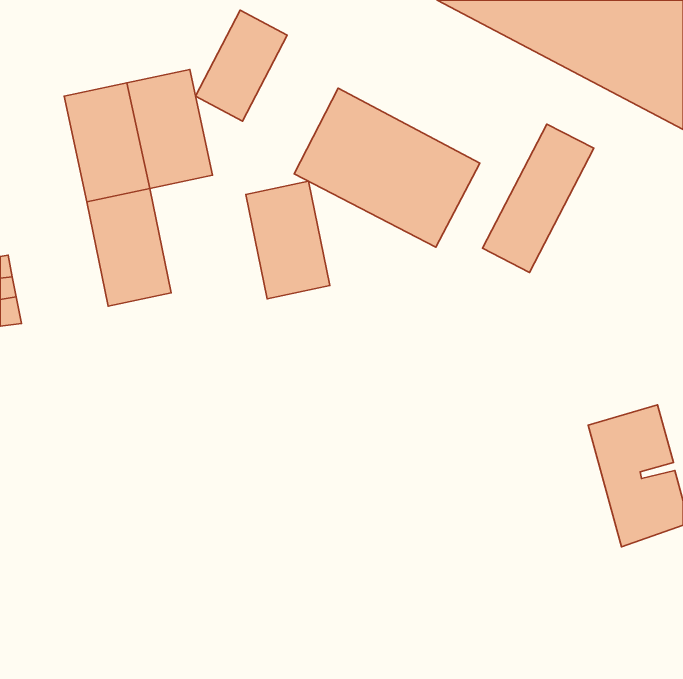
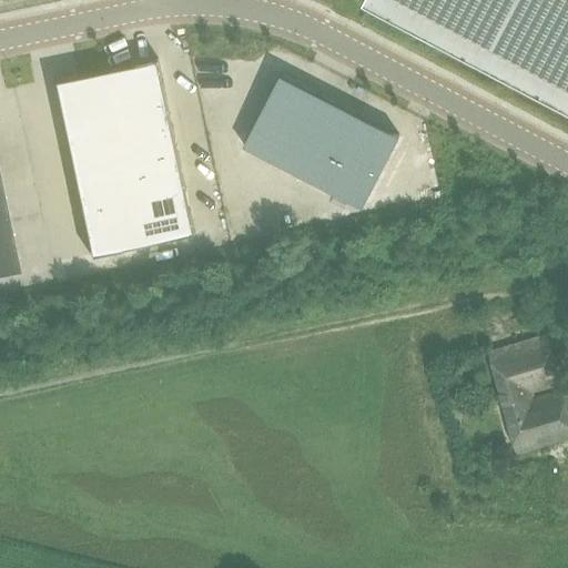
building: [196,10,287,121] -> none
building: [483,124,594,272] -> none
building: [246,181,330,299] -> [124,149,194,246]

